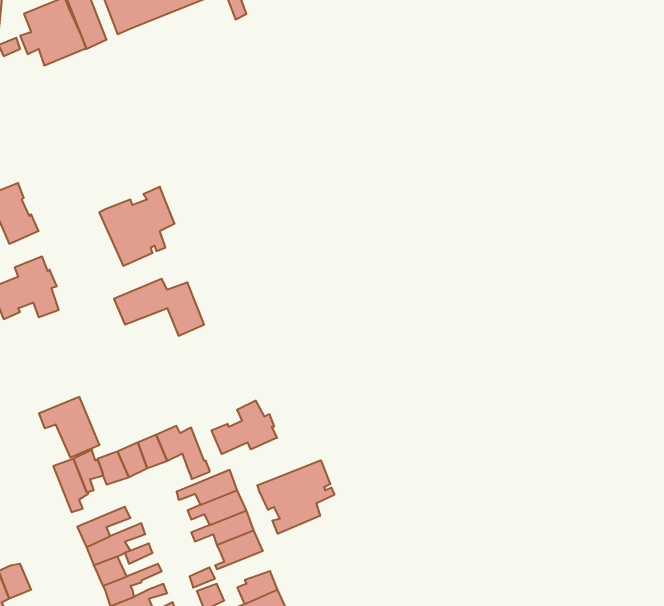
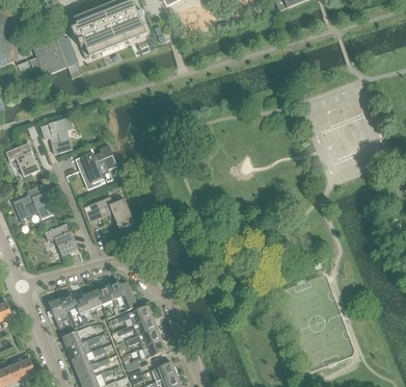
building: none -> [40,117,74,153]
building: [39,397,100,458] -> [45,222,79,256]
building: [212,401,277,454] -> none
building: [257,460,334,534] -> none

